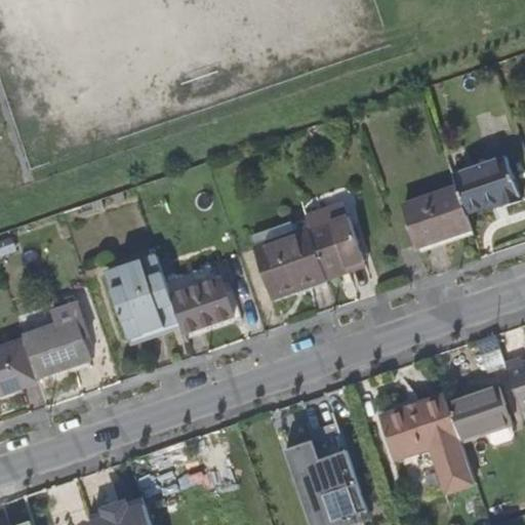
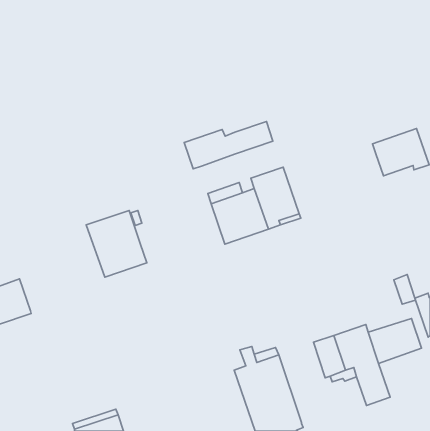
building: none -> [184,122,273,169]
building: [403,187,471,246] -> none
building: [170,278,234,332] -> none
building: [22,317,89,377] -> none

